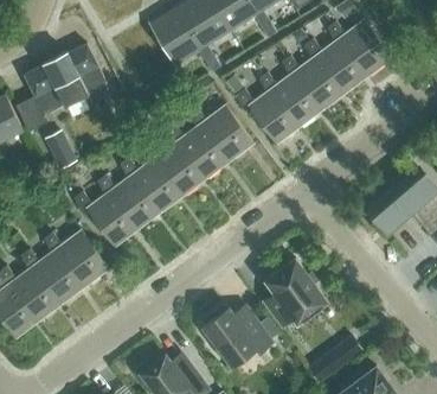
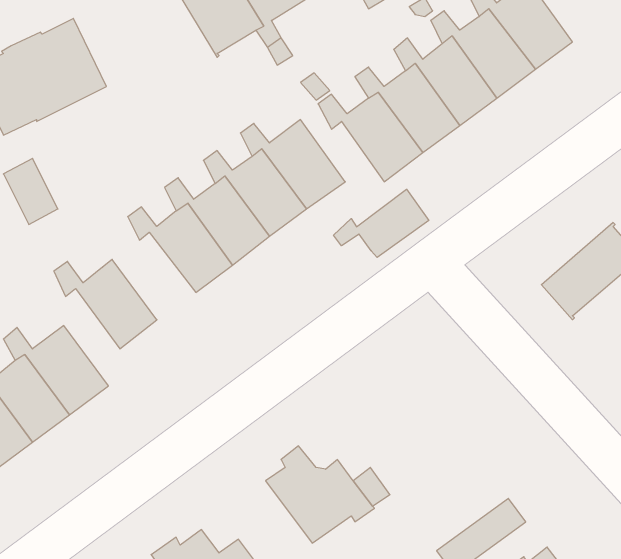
building: none -> [334,189,429,257]
building: [97,174,161,228] -> none
building: [264,259,326,325] -> none

